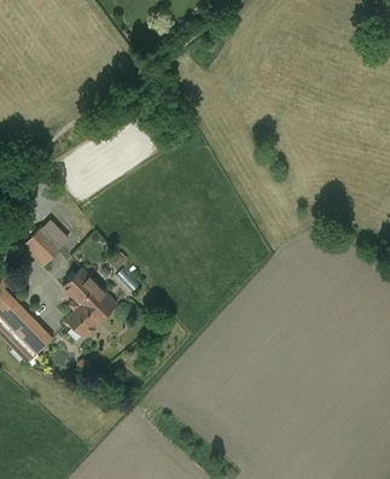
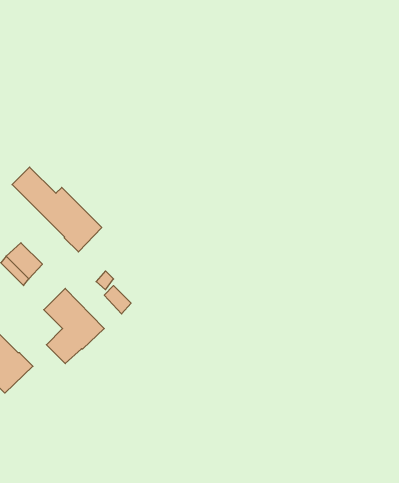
building: none -> [12,167,102,252]

